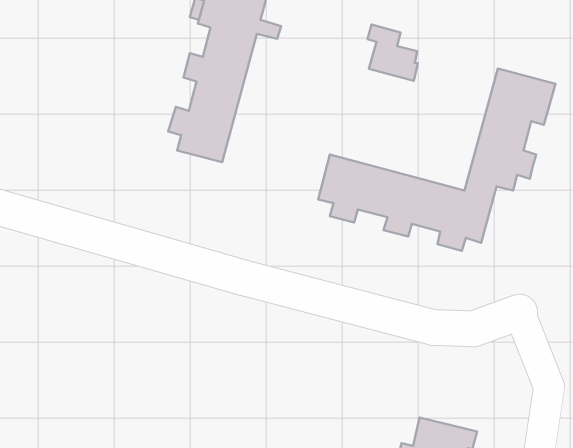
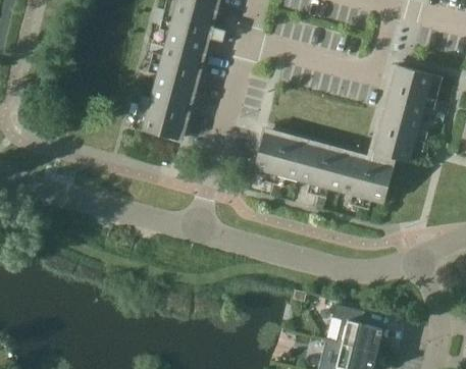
building: [368,25,418,81] -> none
building: none -> [332,303,384,352]

